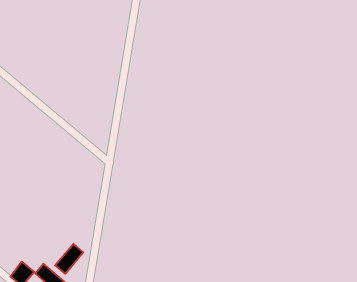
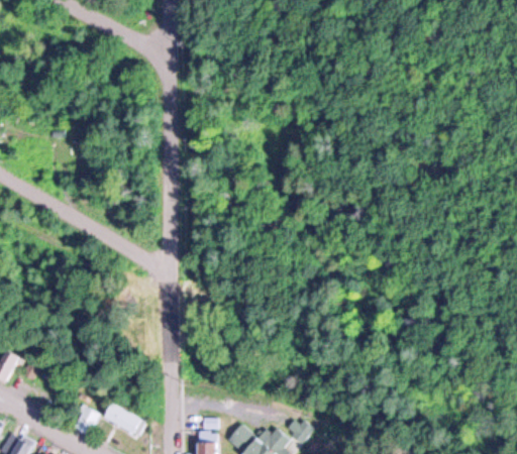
building: [55,244,83,274] -> none

